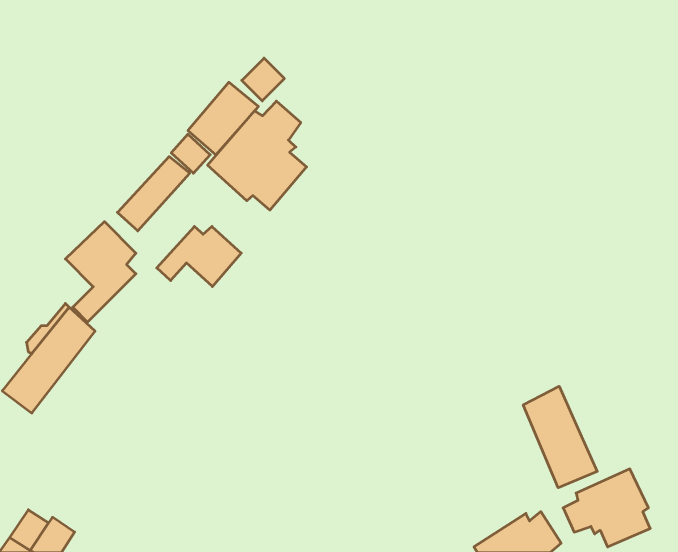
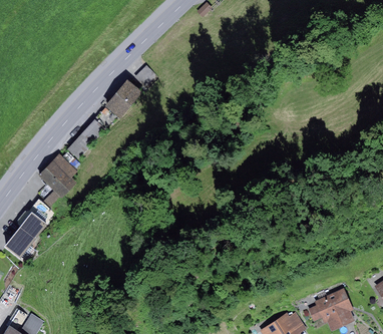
building: [208,101,307,210] -> none
building: [157,226,241,287] -> none
building: [523,386,597,488] -> none

